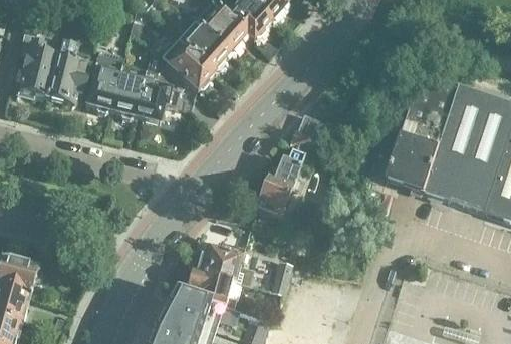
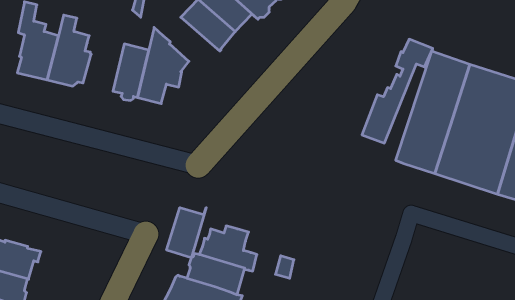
building: [161,39,216,91] -> none
building: [86,59,122,114] -> none
building: [257,114,326,216] -> [362,39,433,143]
building: none -> [167,208,206,258]

